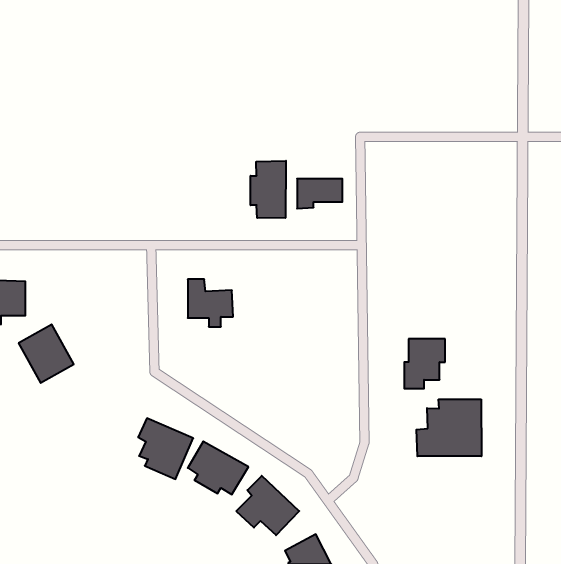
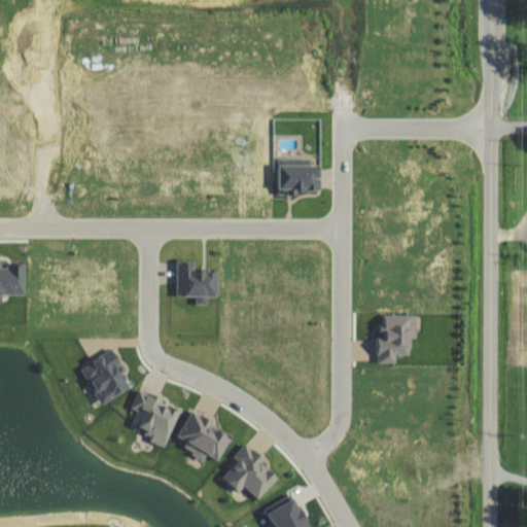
building: [251,161,286,218] -> none
building: [19,324,74,383] -> [79,350,131,405]
building: [416,399,481,456] -> none

